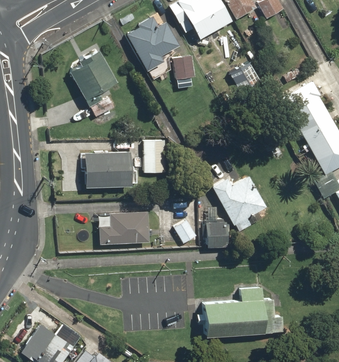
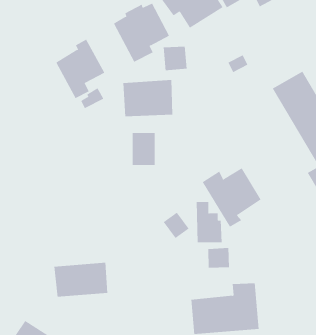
building: [83,151,132,187] -> [123,80,173,117]
building: [97,210,150,244] -> [54,262,108,297]
building: none -> [208,247,229,268]

